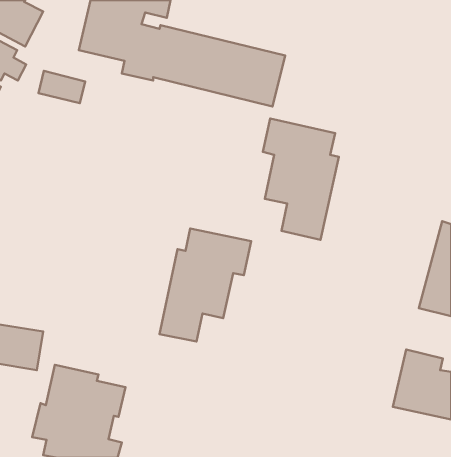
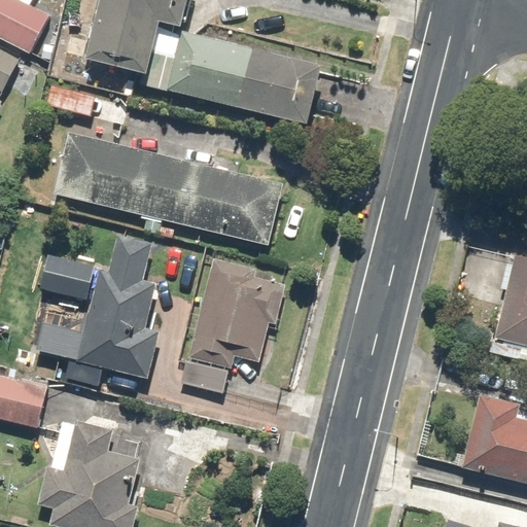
building: none -> [55,133,284,246]
building: [263,119,339,240] -> none
building: none -> [38,235,162,378]

